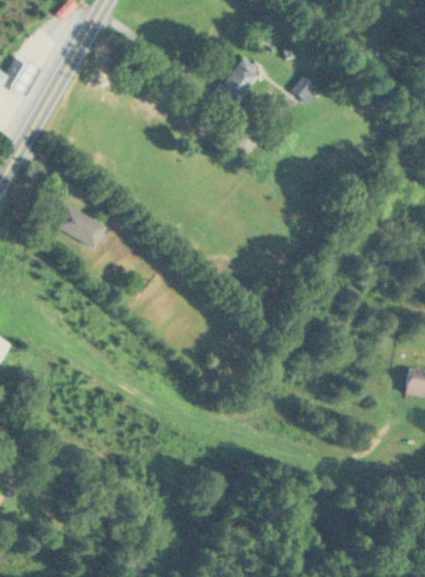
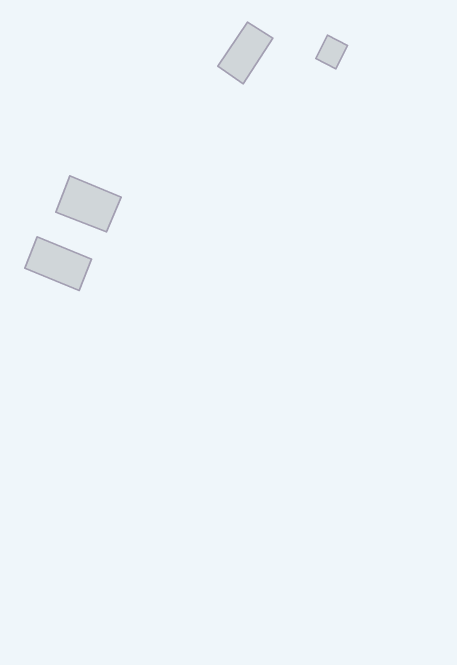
building: none -> [56,176,121,232]

